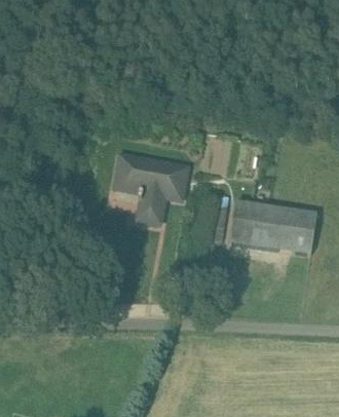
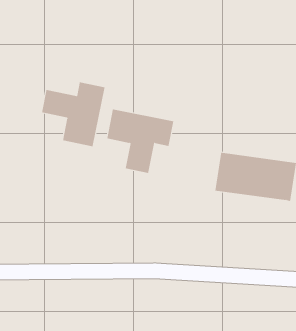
building: none -> [41,82,105,147]

